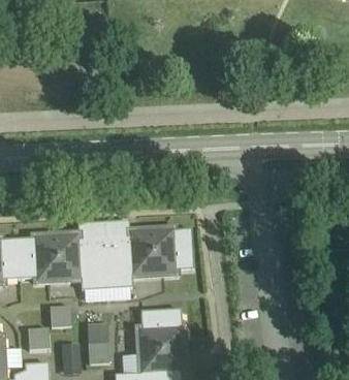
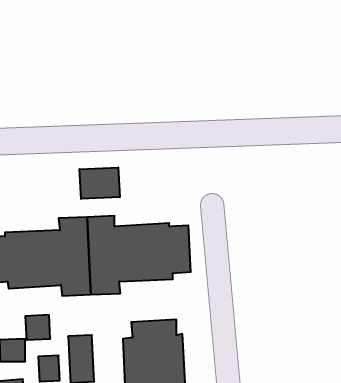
building: none -> [80,167,120,199]

